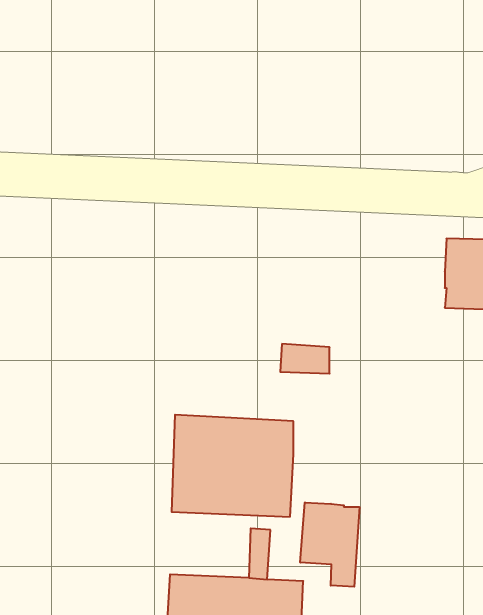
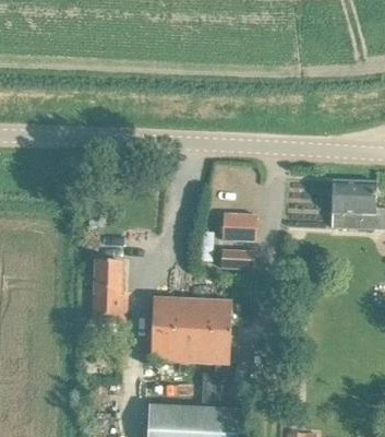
building: none -> [222,212,256,239]
building: none -> [93,259,127,321]
building: [300,502,359,587] -> none

